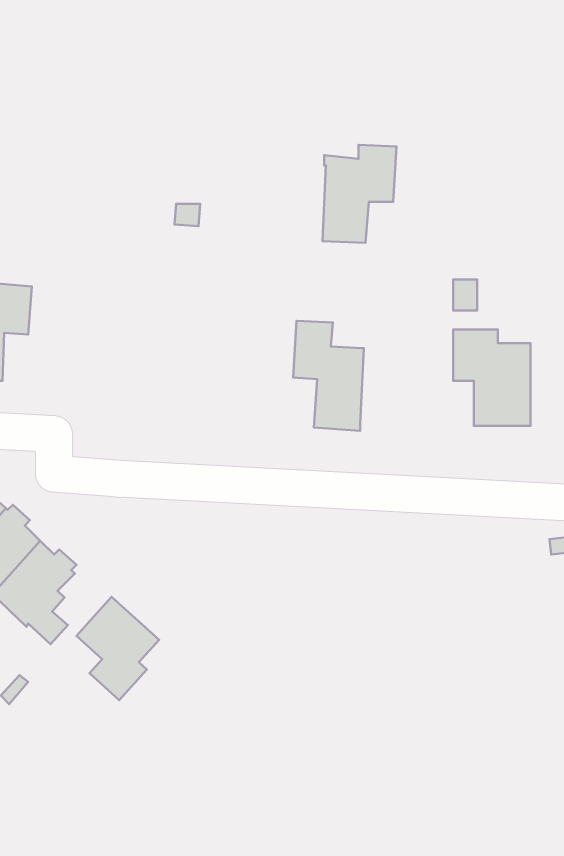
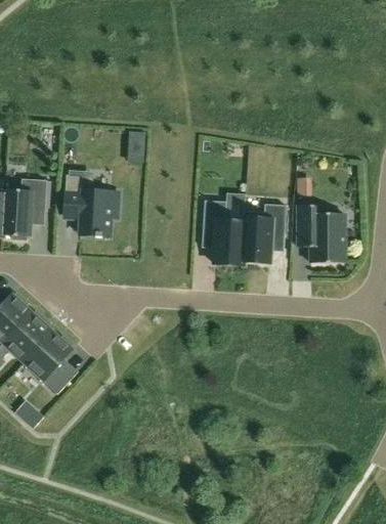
building: [322,145,396,243] -> [243,204,287,262]
building: none -> [63,174,119,236]
building: [76,597,159,700] -> none

